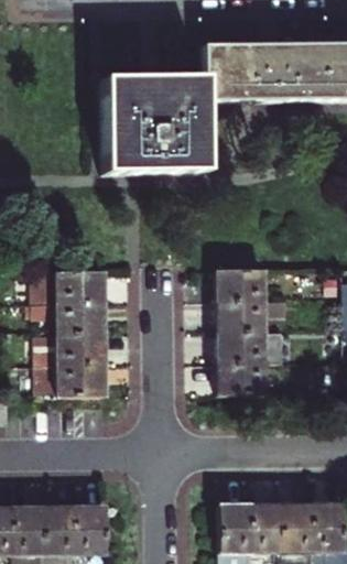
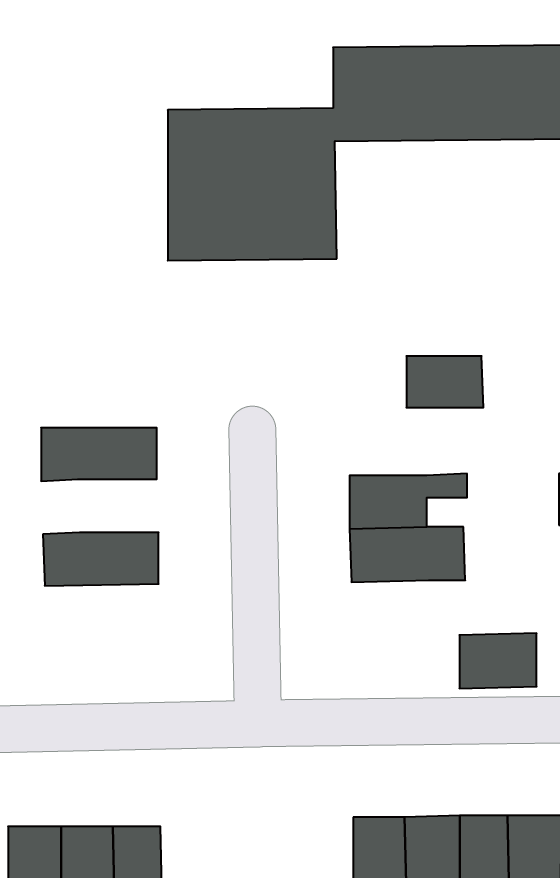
building: [218,270,264,301] -> [406,356,483,408]
building: [33,303,104,335] -> none
building: [219,364,265,397] -> [459,633,537,688]
building: [35,366,104,399] -> none

